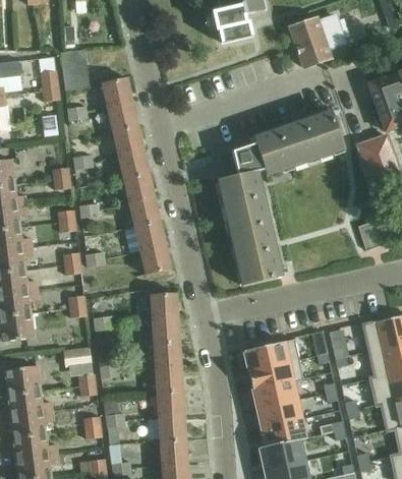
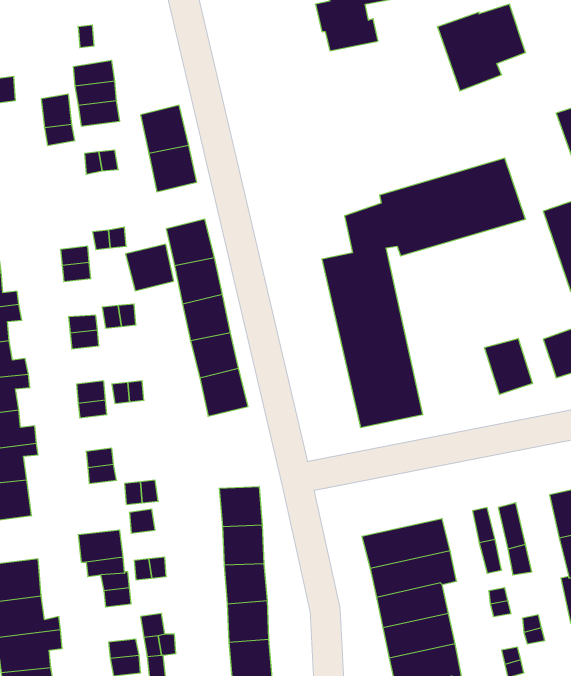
building: [113,126,143,156] -> [126,244,174,291]
building: none -> [485,338,532,395]
building: [152,294,178,320] -> none

